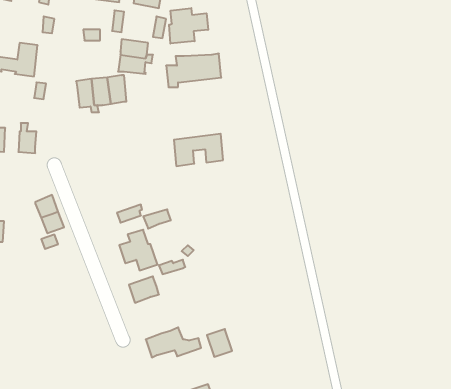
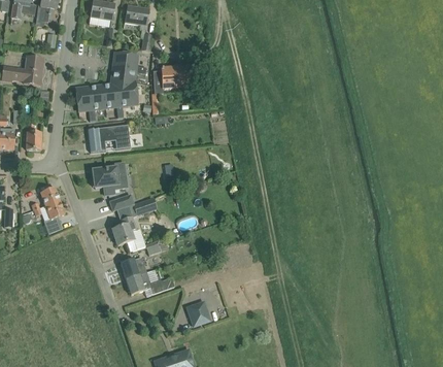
building: [169,8,208,44] -> none
building: none -> [115,79,137,111]
building: [174,134,223,166] -> [88,124,130,152]
building: none -> [92,162,127,193]
building: [146,327,201,357] -> [126,268,173,294]

